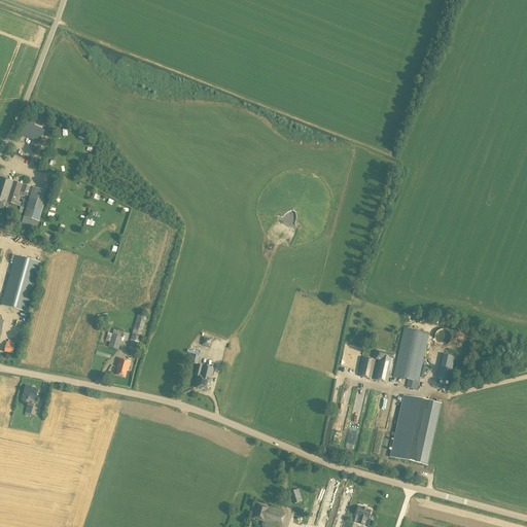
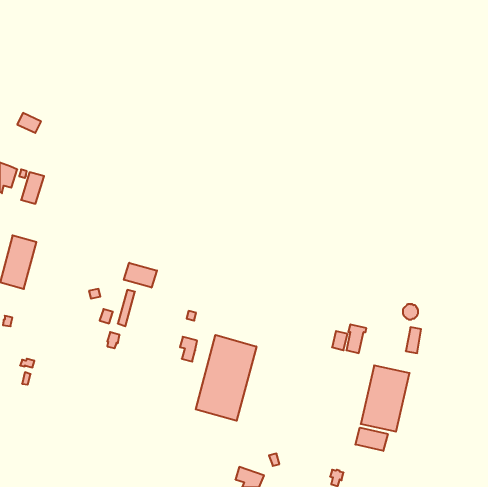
building: none -> [124,263,157,288]
building: [392,326,427,387] -> none
building: none -> [196,335,256,421]
building: none -> [355,428,388,451]

